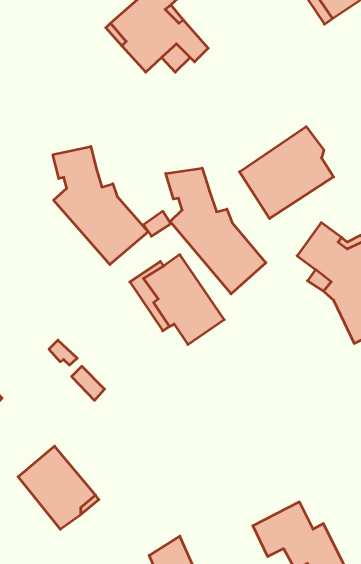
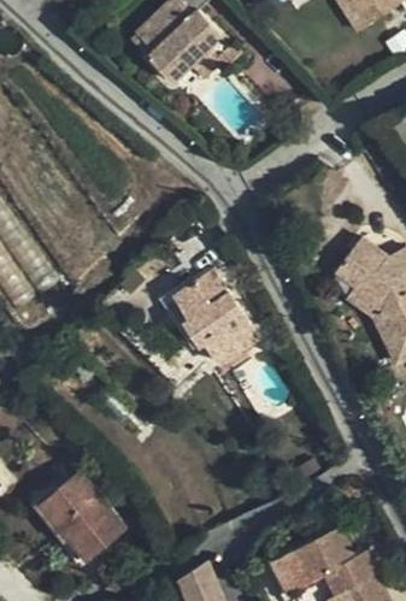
building: [239,127,334,219] -> none
building: [53,146,148,265] -> none
building: [166,168,266,294] -> none

